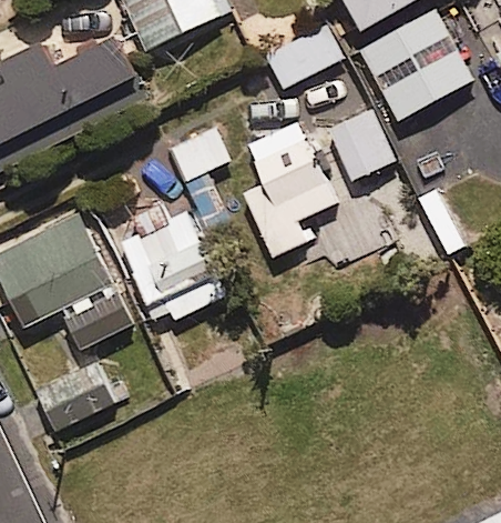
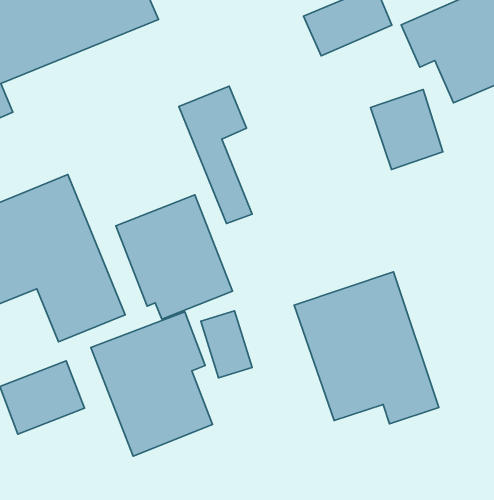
building: [245,123,334,255] -> none
building: none -> [294,272,439,424]
building: none -> [91,312,212,456]

